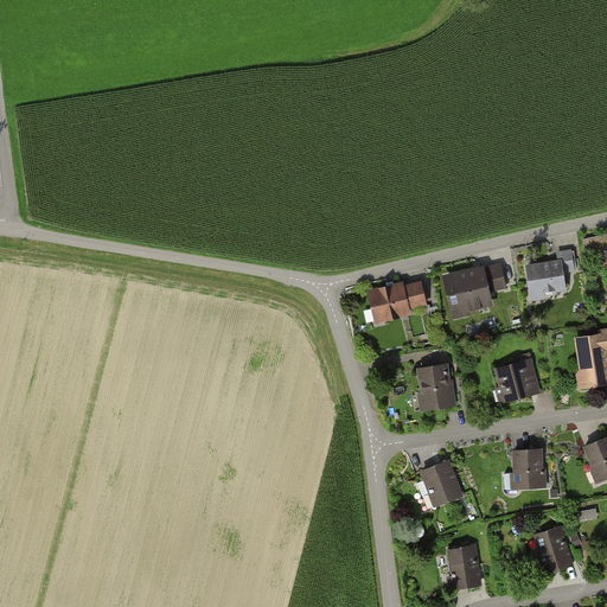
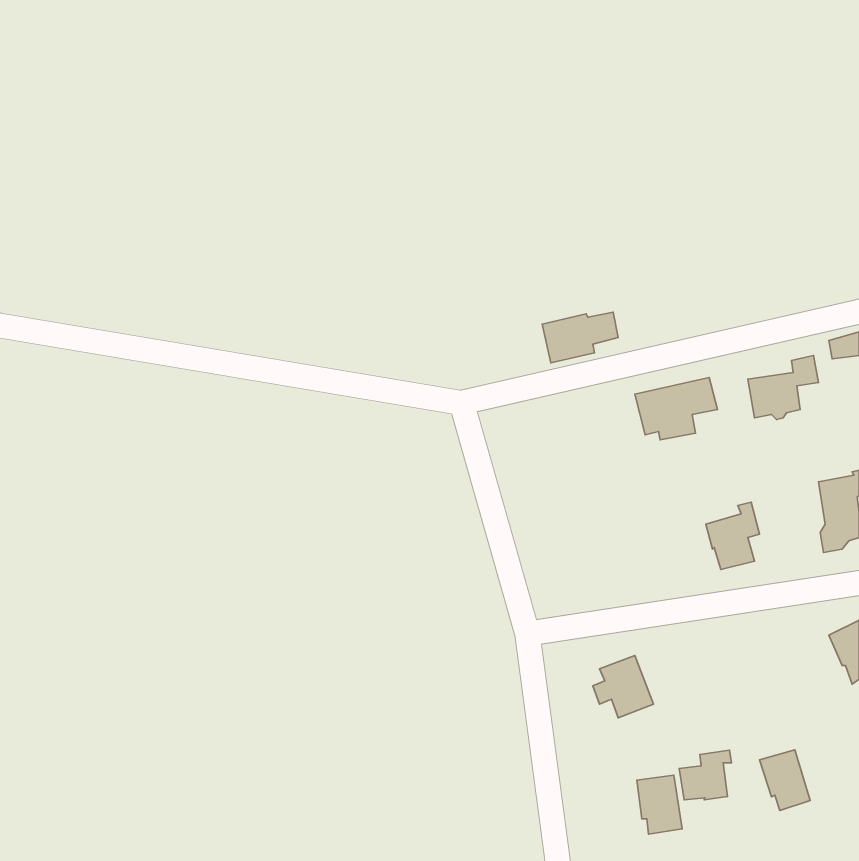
building: [370,285,423,320] -> [542,312,618,363]
building: [418,365,453,407] -> none
building: [504,449,544,488] -> none
building: none -> [679,750,732,800]

